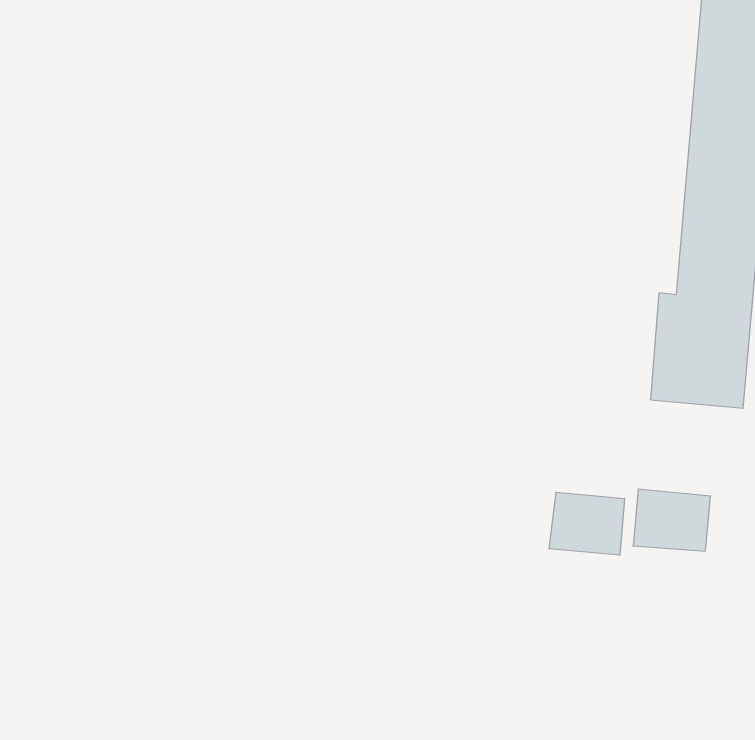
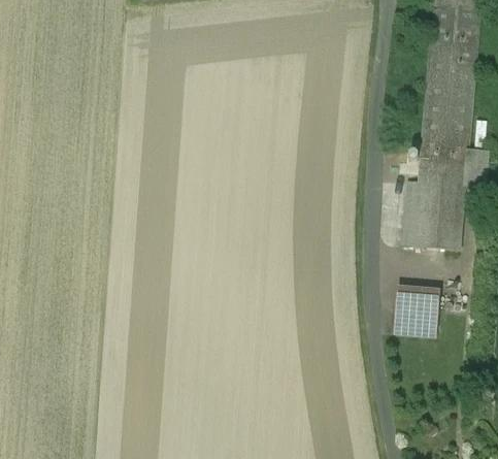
building: [549,492,625,555] -> none

